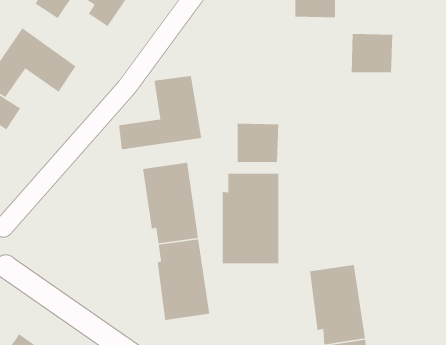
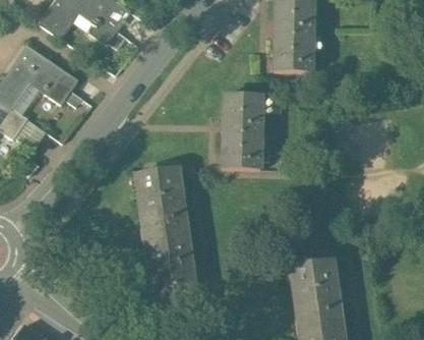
building: [351,33,393,73] -> [276,35,314,71]
building: [118,75,202,150] -> none
building: none -> [224,96,262,132]
building: [222,173,279,264] -> none

